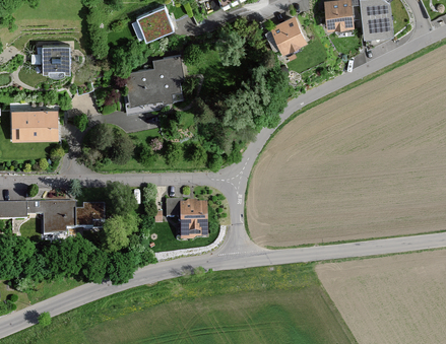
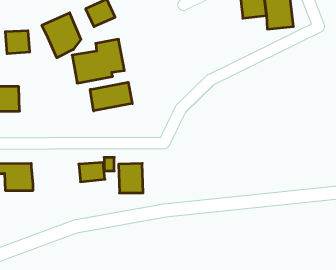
building: [273,14,312,54] -> none
building: none -> [42,13,81,58]
building: none -> [90,82,132,111]
building: [75,205,107,228] -> [79,162,105,182]

